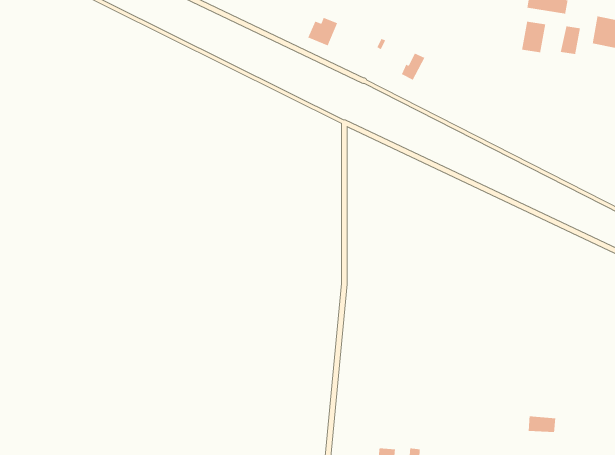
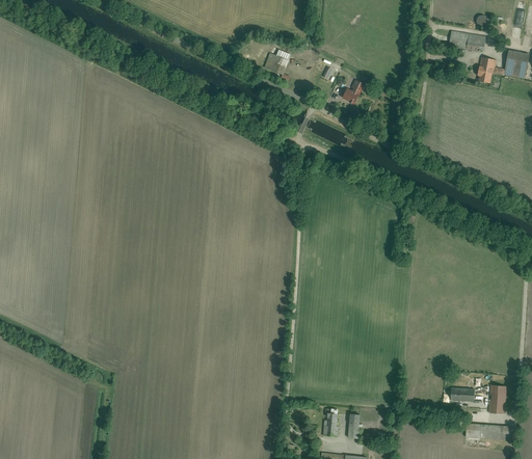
building: [521,21,546,53] -> none
building: none -> [488,384,506,413]

